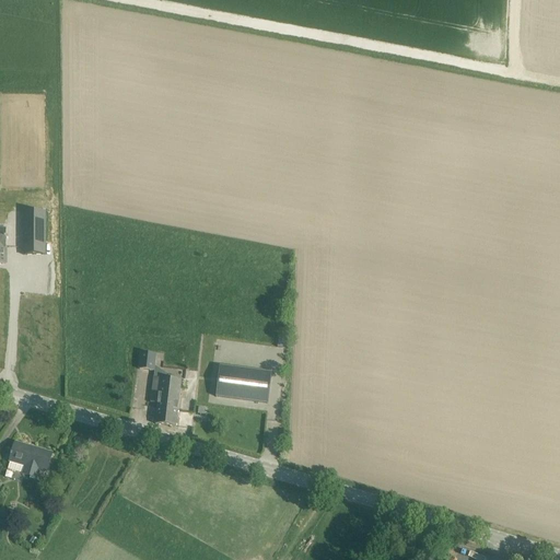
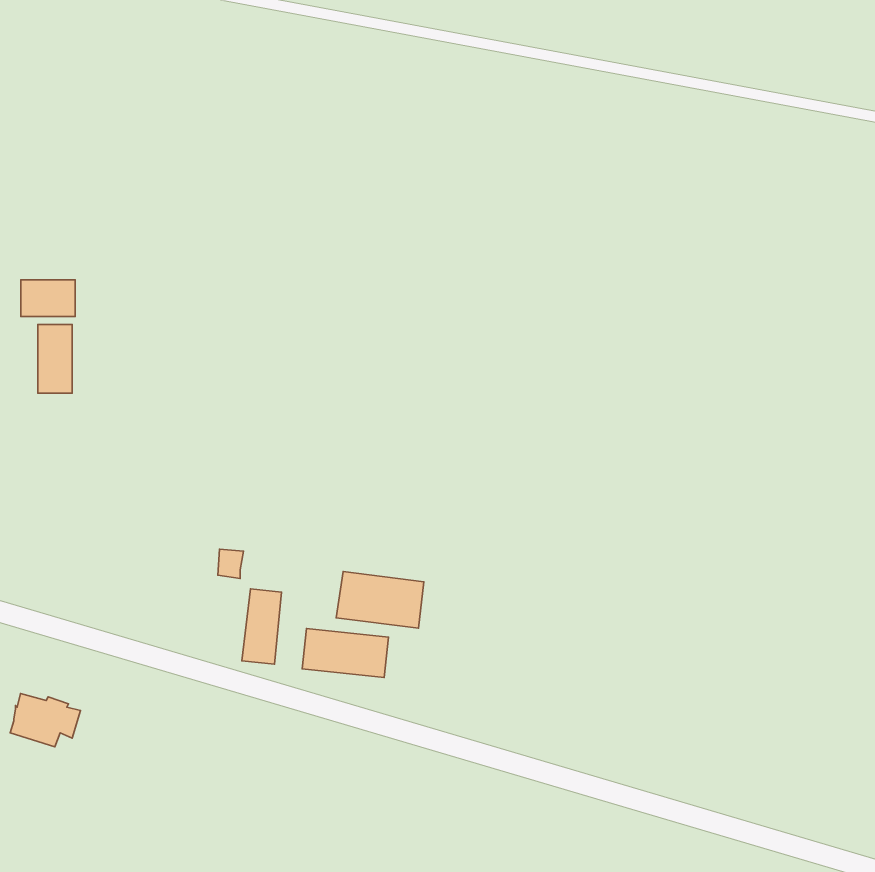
building: none -> [21,280,75,316]
building: none -> [302,628,388,677]

